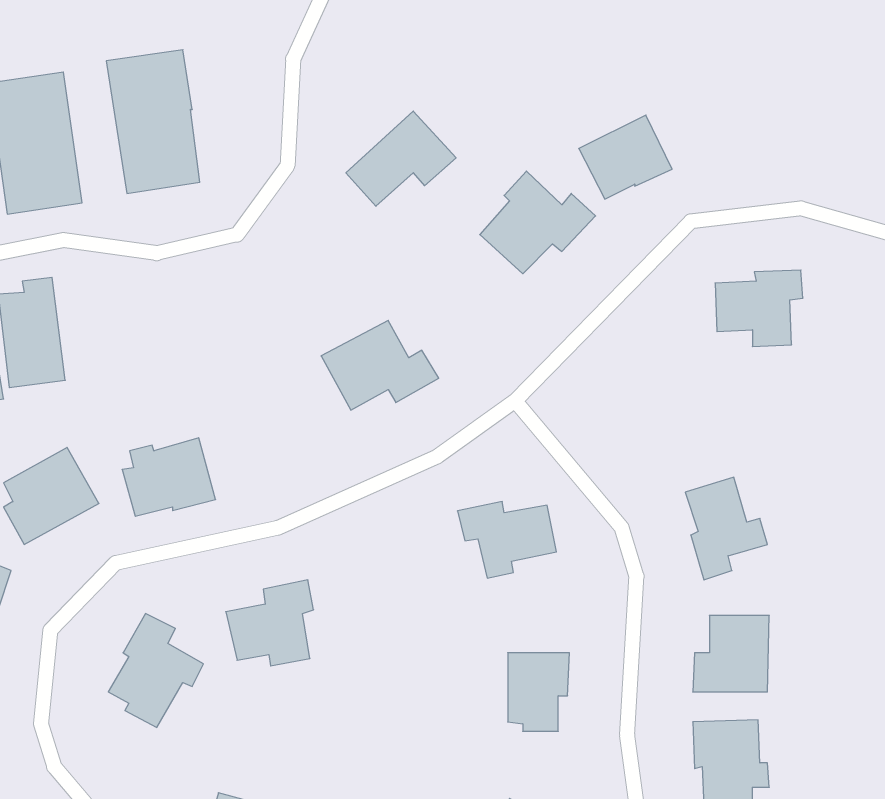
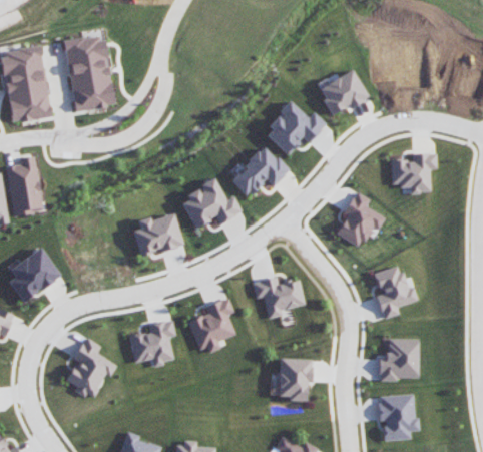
building: [346,111,456,206] -> [229,146,289,197]
building: none -> [336,191,385,248]
building: [122,438,216,516] -> [132,213,182,256]
building: none -> [187,298,235,353]

